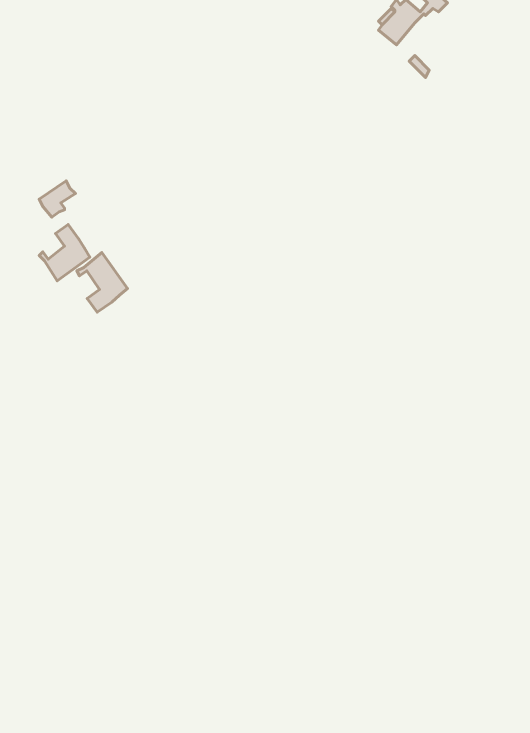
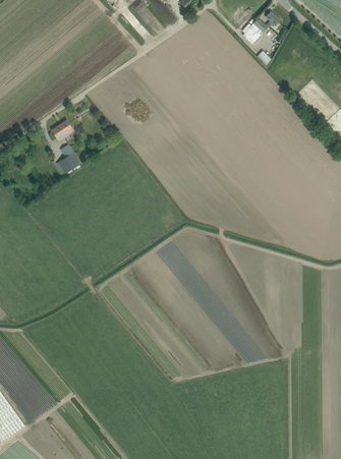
building: [77,253,127,312] -> none

